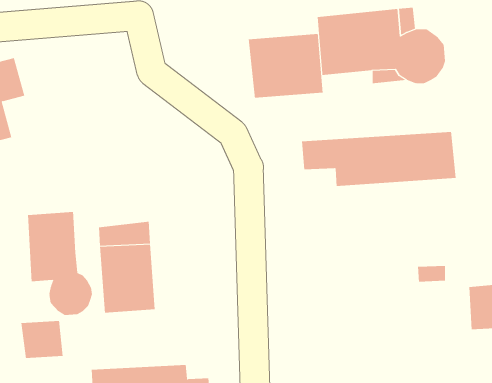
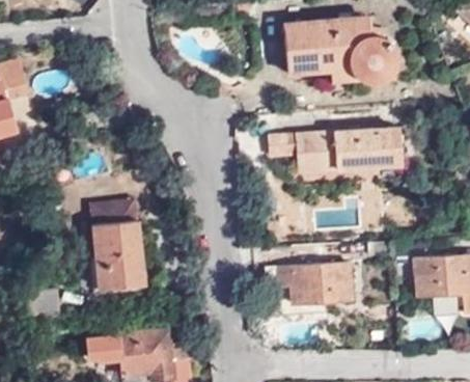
building: [248,33,323,99] -> none
building: [28,211,93,316] -> none
building: none -> [266,264,353,304]

